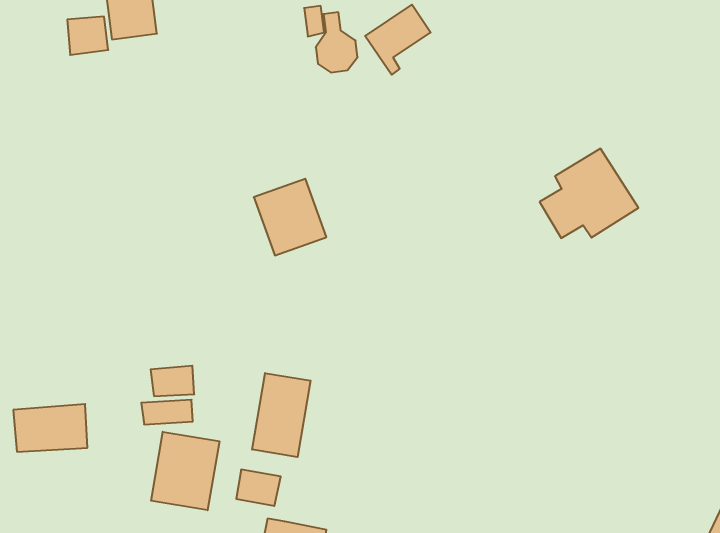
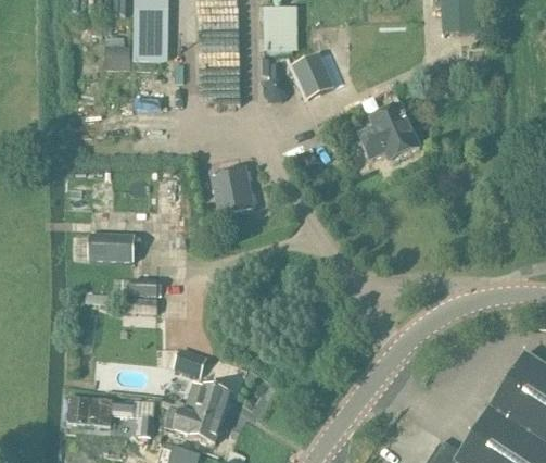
building: [540,149,638,238] -> [359,103,422,160]
building: [252,373,311,457] -> none
building: [13,404,87,452] -> [89,230,137,261]
building: [151,432,219,510] -> none

